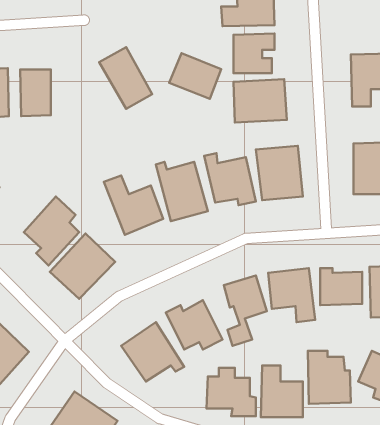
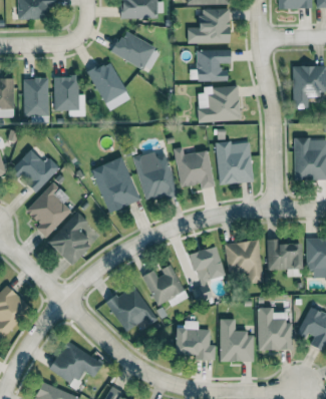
building: [169,53,221,99] -> [113,31,155,68]
building: none -> [54,76,86,116]
building: none -> [12,149,61,192]

